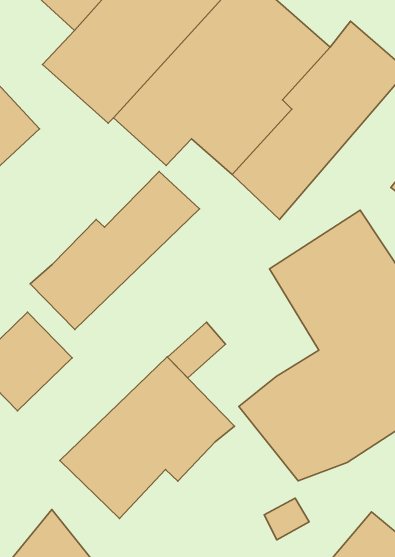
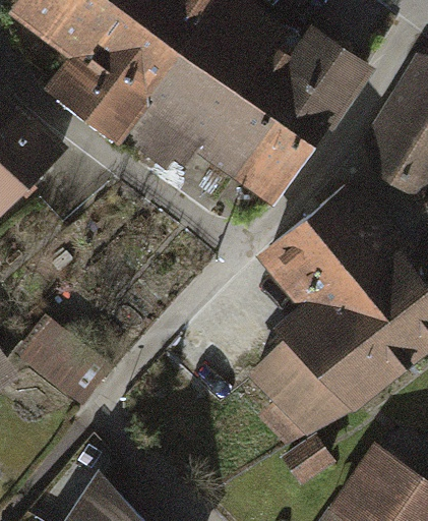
building: [30,171,200,329] -> none
building: [60,357,235,518] -> none

